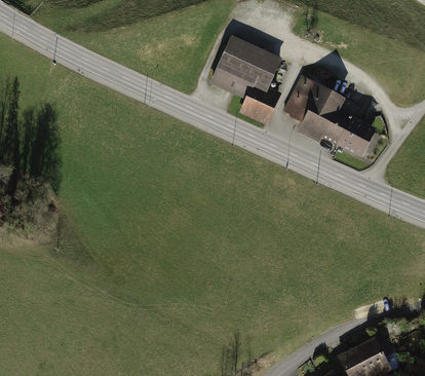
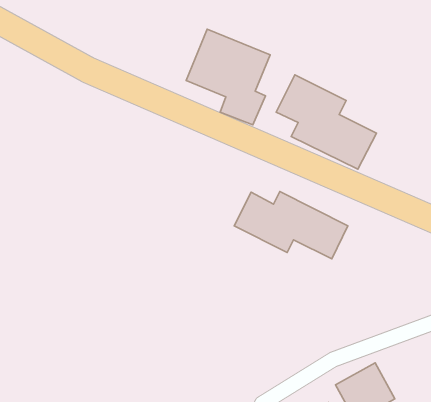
building: none -> [234,191,348,259]

